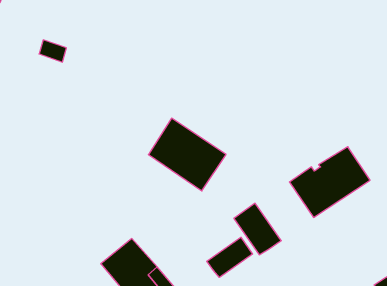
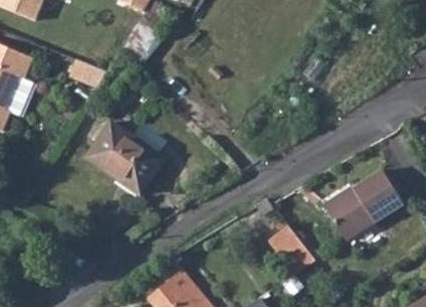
building: [148,118,226,191] -> [86,123,164,195]
building: [207,237,253,277] -> none

